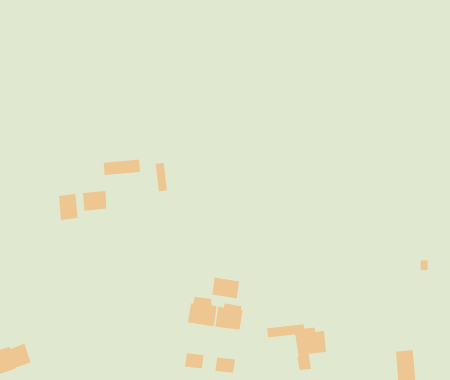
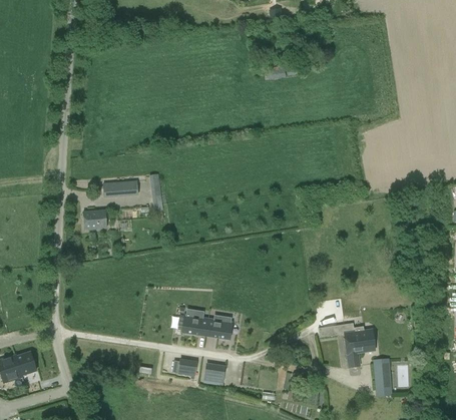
building: [58,193,78,221] -> none
building: [212,277,240,299] -> none
building: [266,324,327,370] -> [318,324,374,367]

